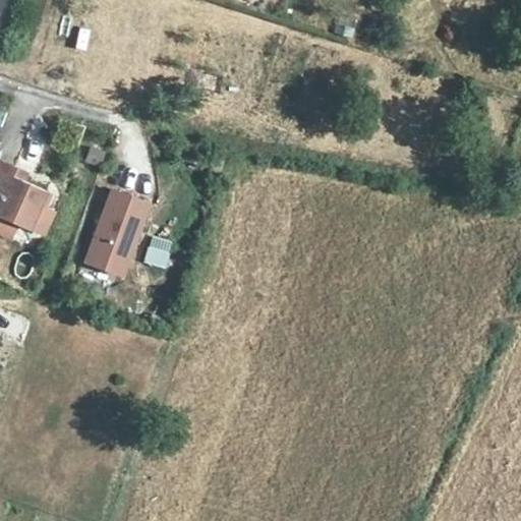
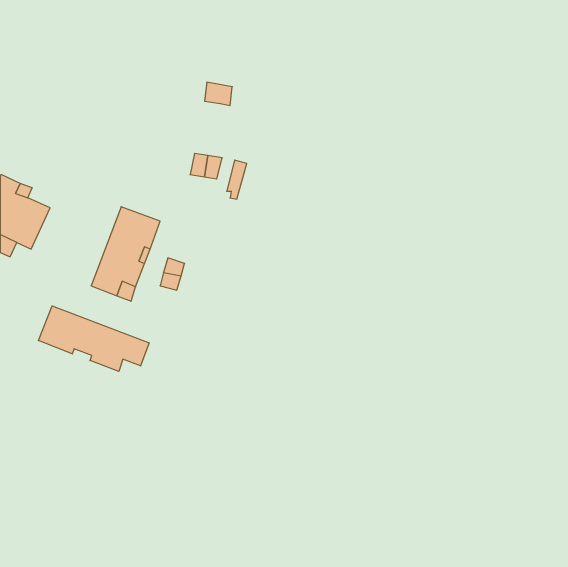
building: none -> [38,306,149,371]

